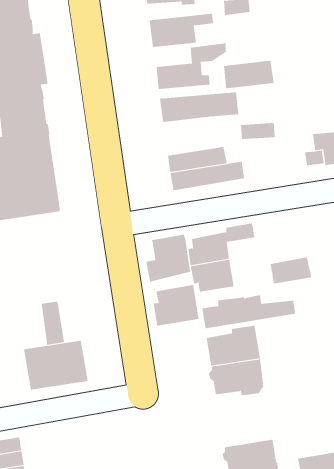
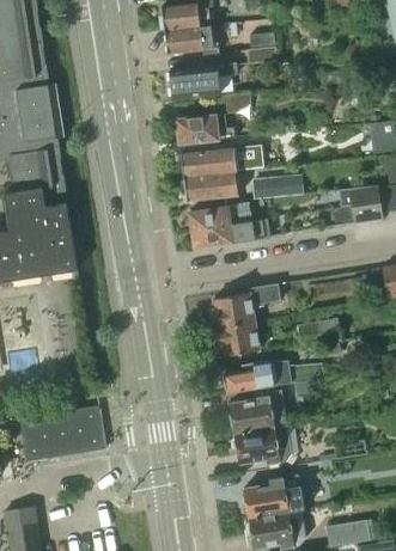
building: [223,60,275,89] -> [183,171,237,201]
building: [146,234,191,282] -> none
building: [153,284,199,326] -> none
building: [41,301,65,346] -> [19,415,44,461]
building: none -> [242,475,299,518]

